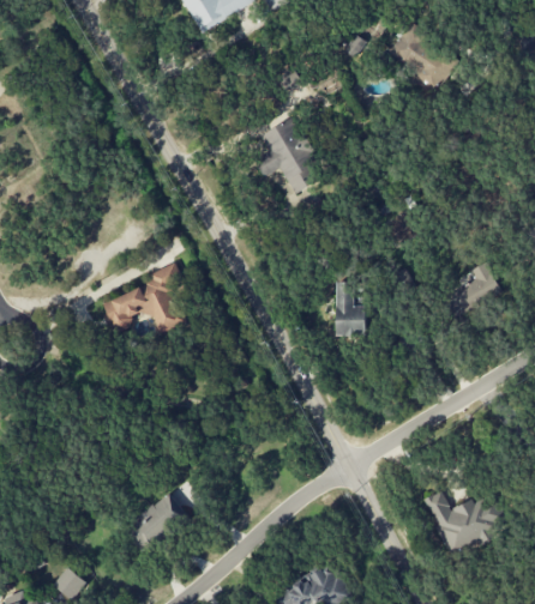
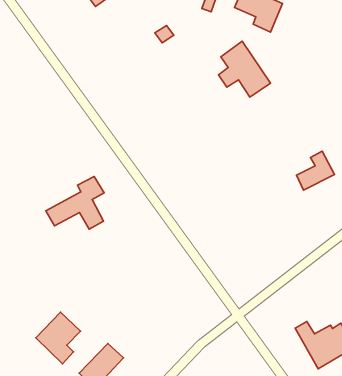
building: [253,116,323,193] -> [218,41,271,97]
building: [336,280,366,334] -> none
building: none -> [36,312,81,364]

